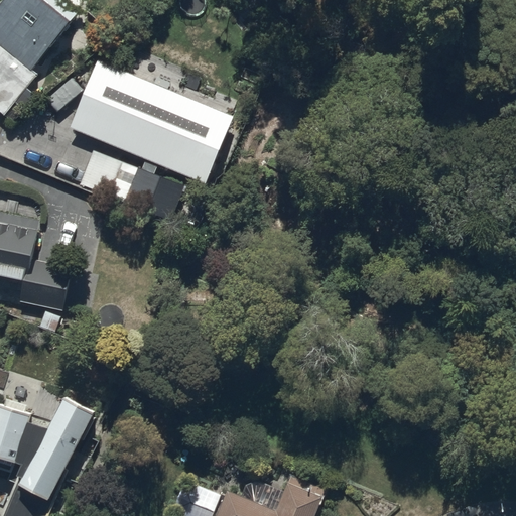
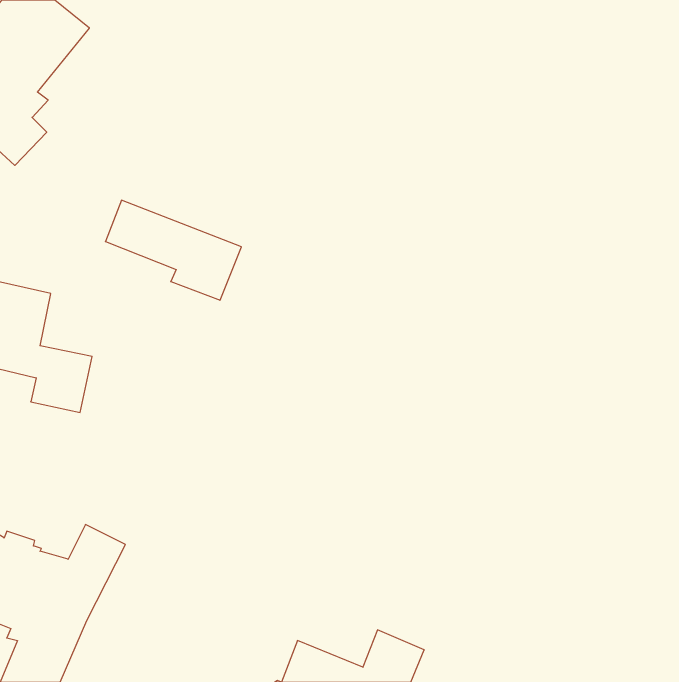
building: [68,59,231,182] -> none

